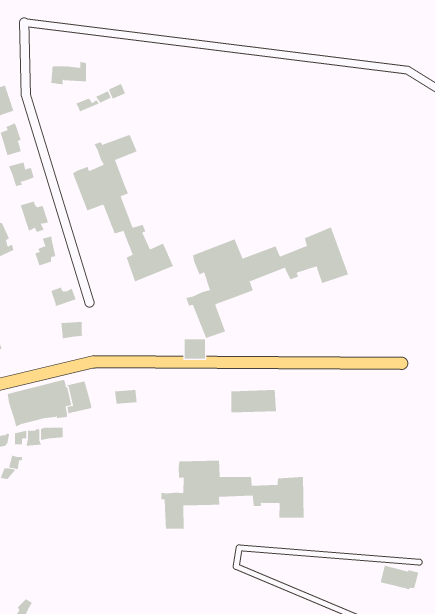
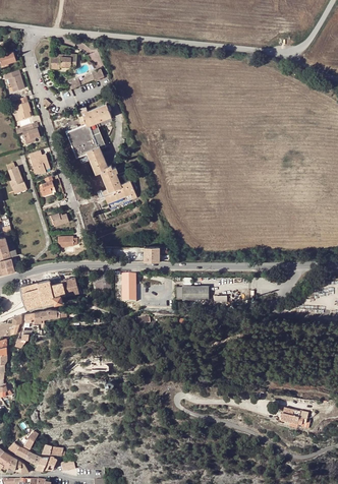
building: [186,227,349,339] -> none
building: none -> [115,275,135,301]
building: [161,460,304,530] -> none

